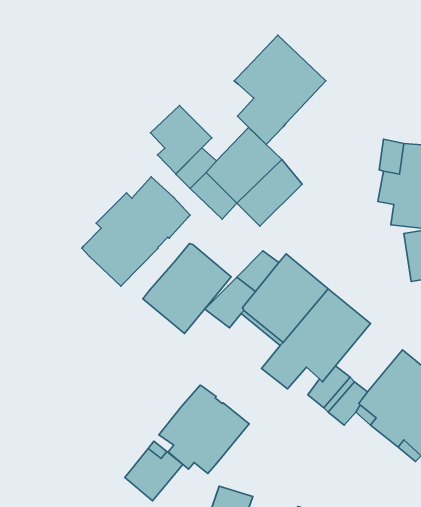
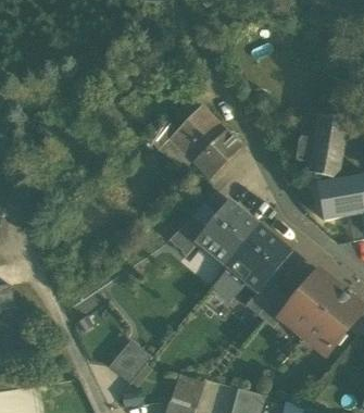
building: [234,35,326,144] -> none
building: [150,105,212,174] -> none
building: [82,177,190,286] -> none
building: [143,244,231,334] -> none
building: [159,385,249,473] -> none

